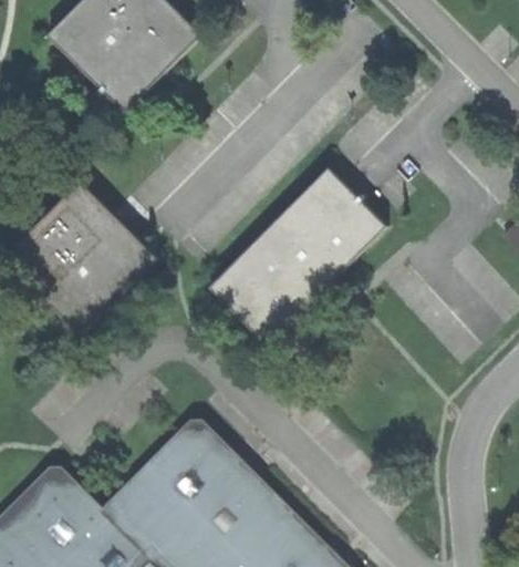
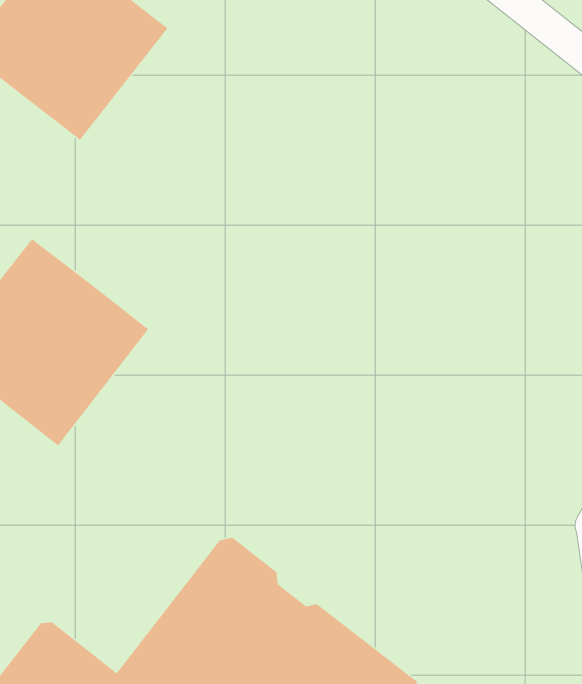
building: [208,168,385,347] -> none

